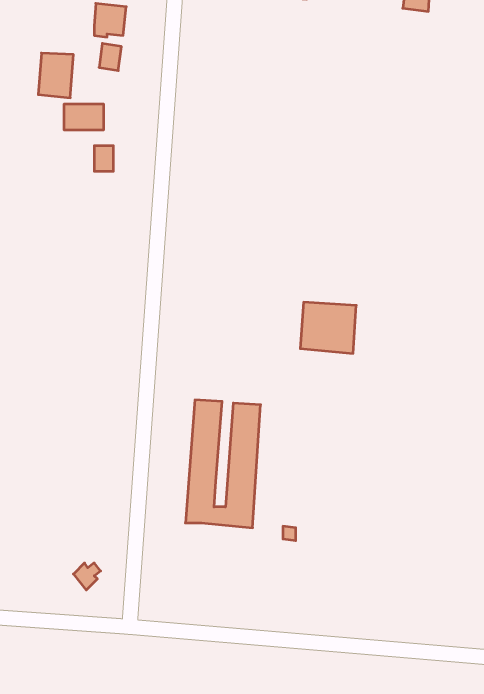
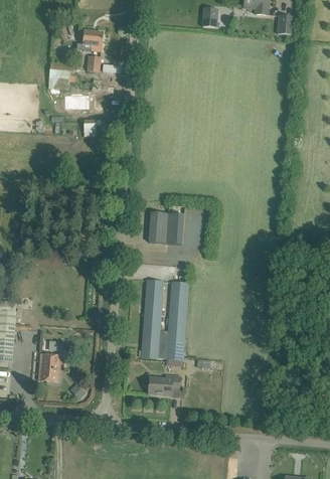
building: [300,302,356,353] -> [148,212,183,245]
building: none -> [39,354,60,381]
building: none -> [148,375,180,395]

